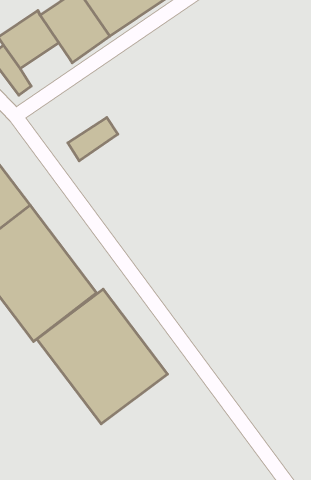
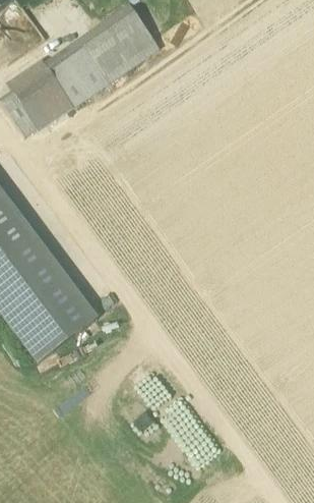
building: [68,117,118,161] -> [27,87,73,126]
building: [37,289,167,424] -> none

